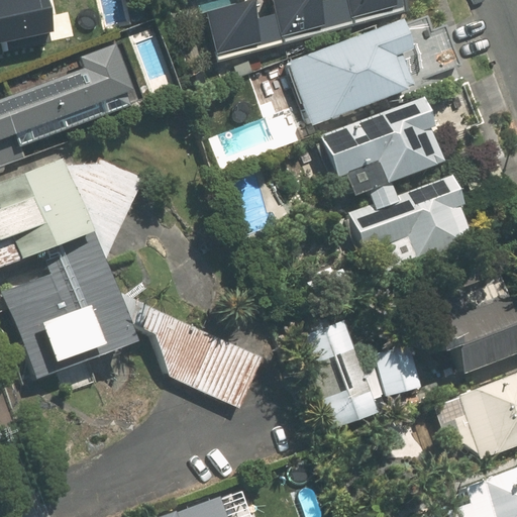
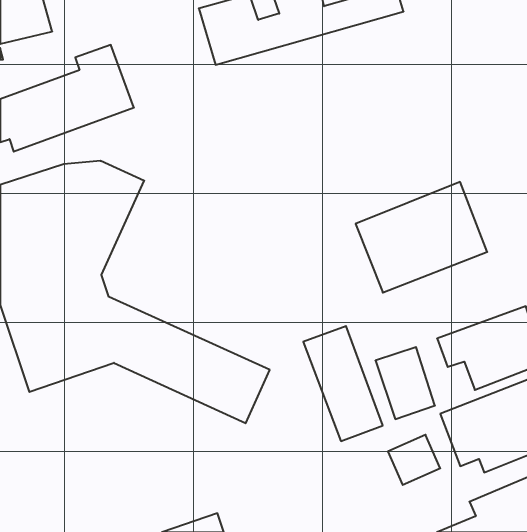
building: [287,19,412,128] -> none
building: [319,99,443,204] -> none

